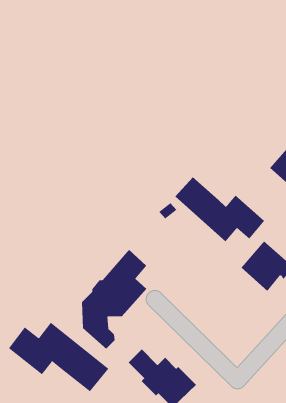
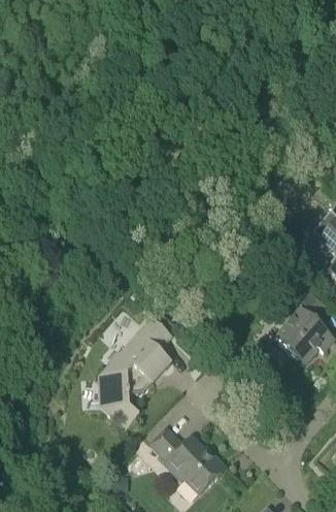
building: [174,176,265,242] -> none
building: [8,322,109,392] -> none

